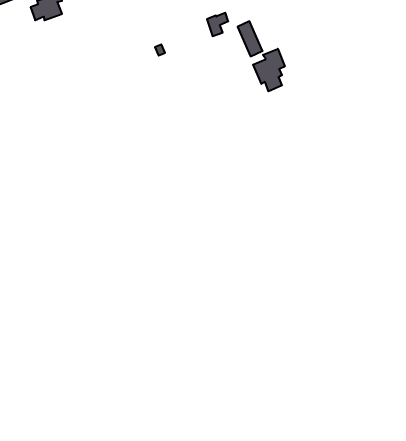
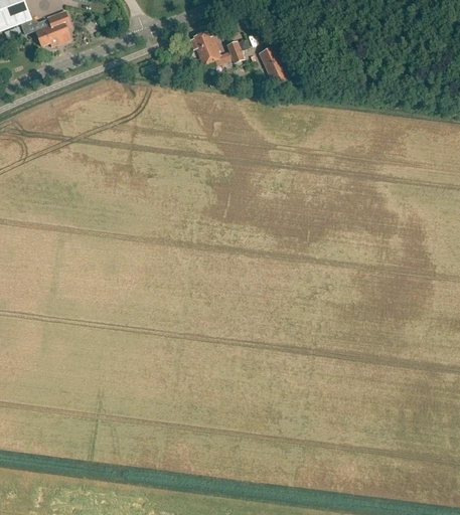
building: none -> [189,31,221,65]
building: [253,49,285,91] -> none

